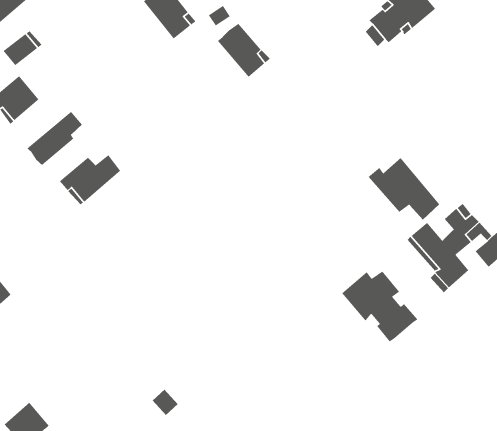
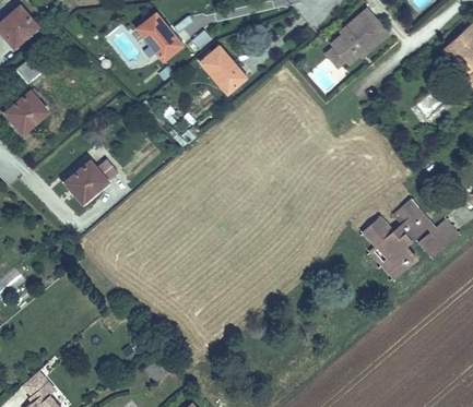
building: [26,111,83,166] -> none
building: [368,157,440,221] -> none
building: [341,270,418,343] -> none

